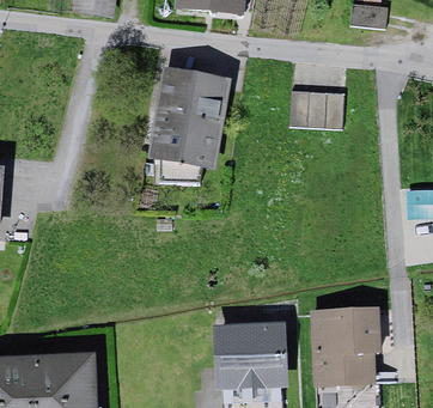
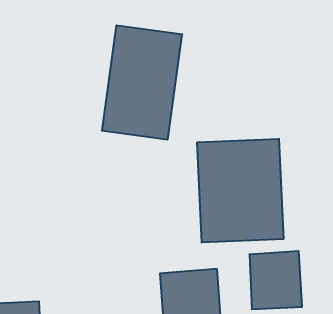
building: [281,91,347,133] -> none
building: none -> [197,139,283,243]

